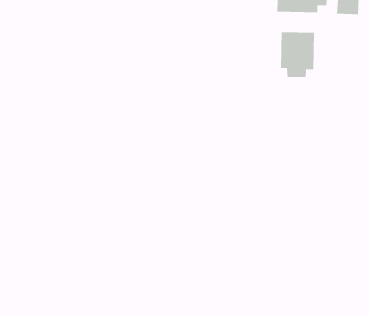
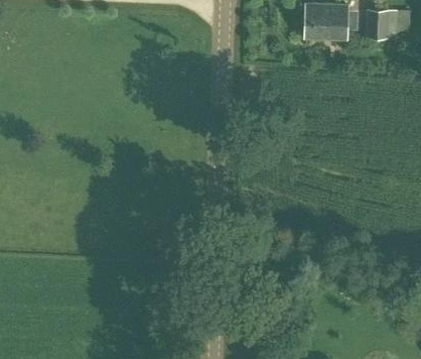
building: [280,31,315,78] -> none

